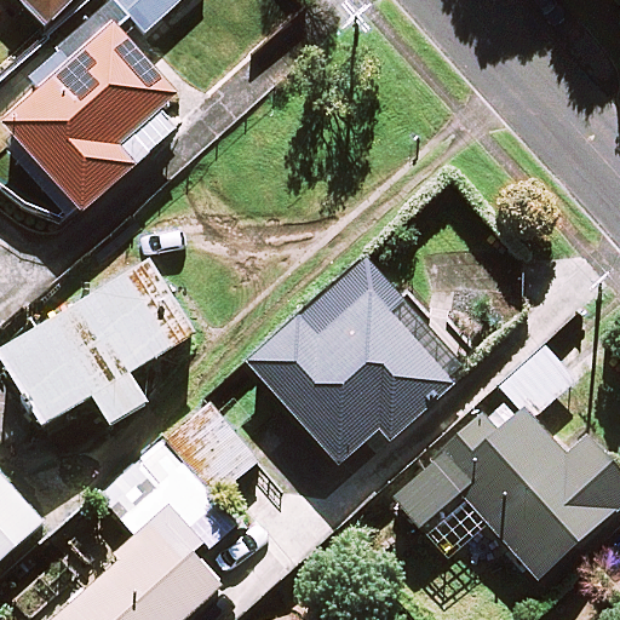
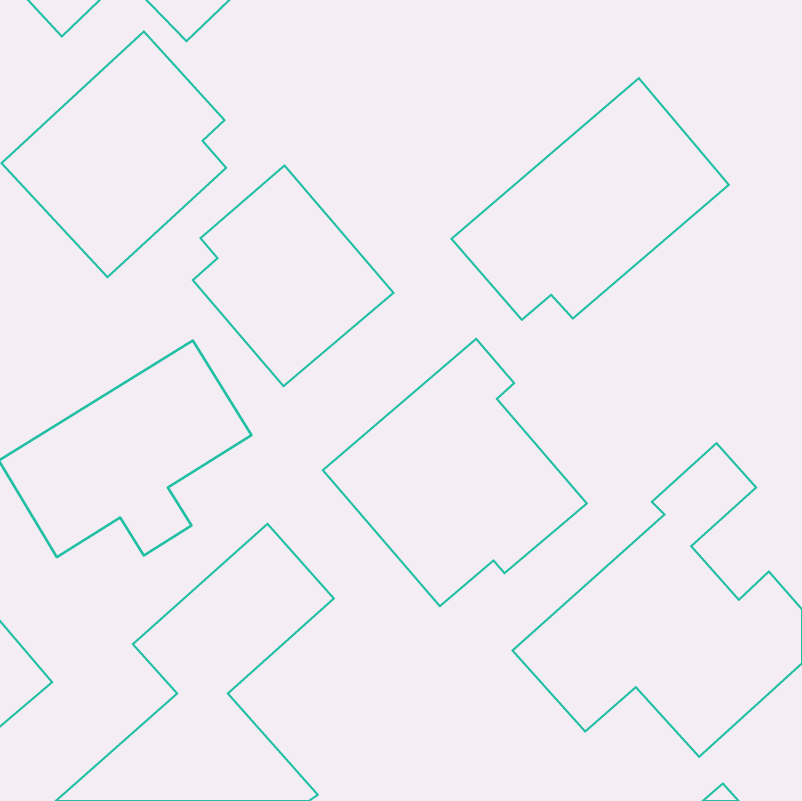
building: none -> [452,78,729,320]
building: none -> [193,165,393,386]

